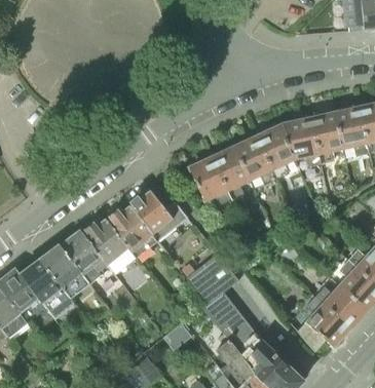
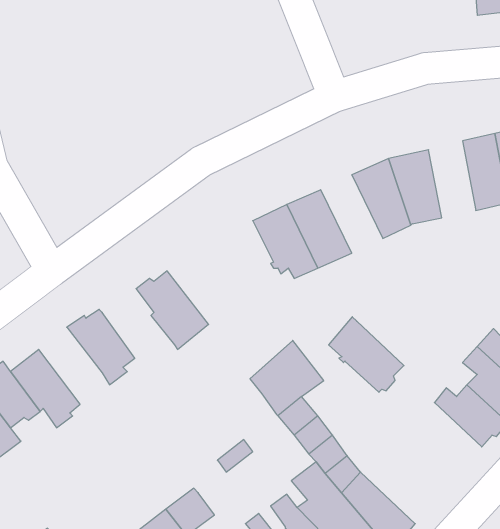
building: [311,113,344,166] -> none
building: [236,137,279,191] -> none
building: [129,188,188,240] -> none
building: [84,216,135,271] -> none
building: [40,242,84,296] -> none
building: [296,292,348,344] -> [329,317,404,392]

